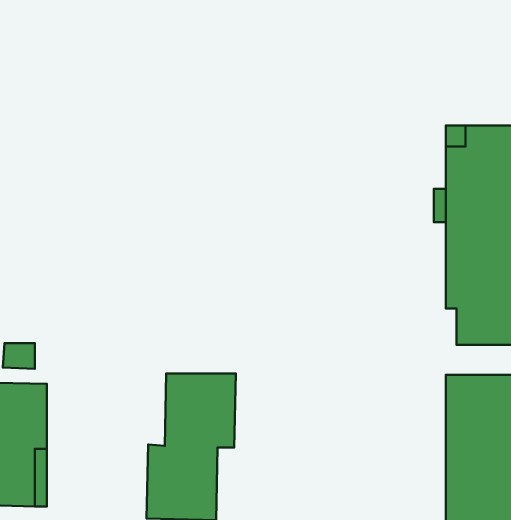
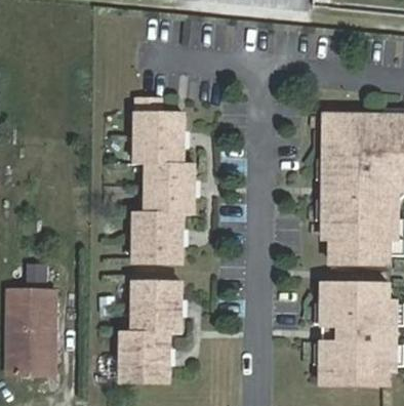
building: none -> [133,96,193,262]

